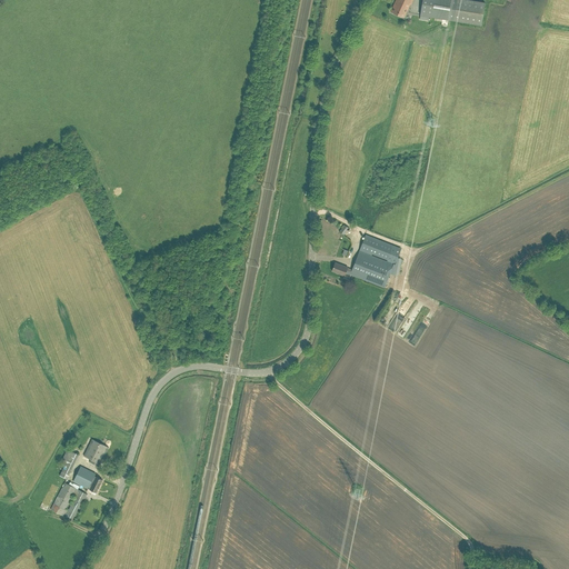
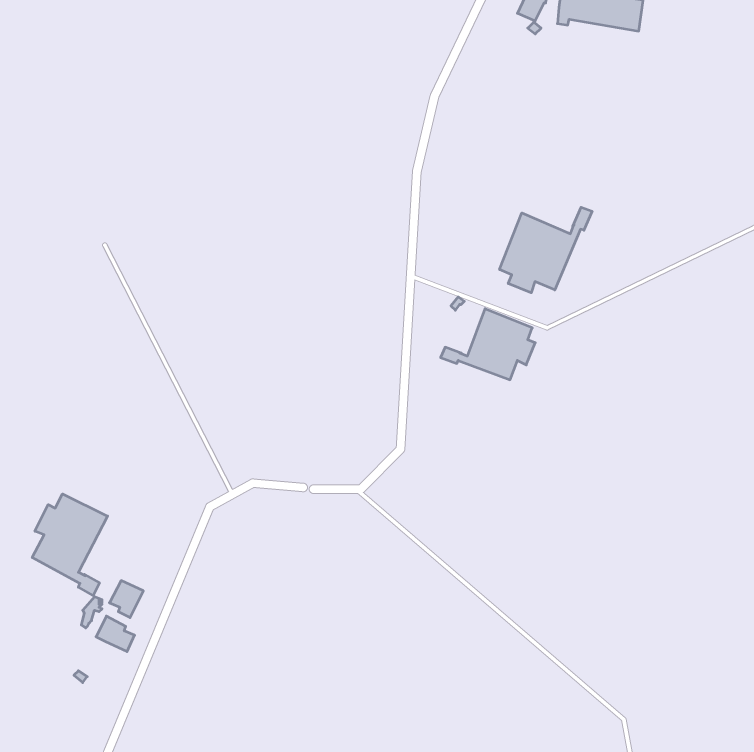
building: none -> [500,207,592,293]
building: none -> [32,494,108,595]

